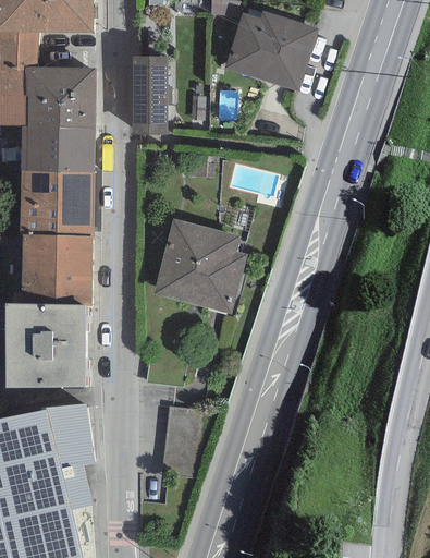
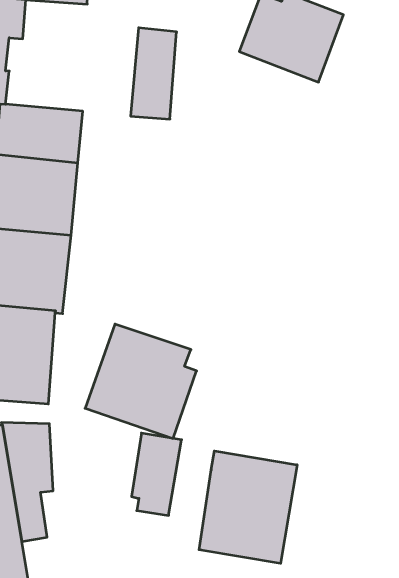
building: [24,68,96,128] -> none
building: [151,219,247,316] -> [85,324,197,438]
building: none -> [199,451,297,563]

